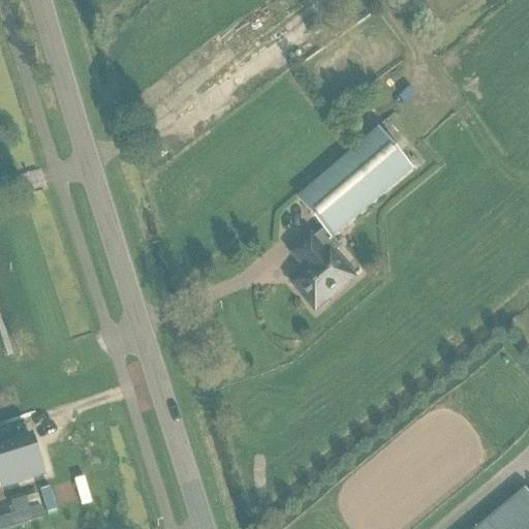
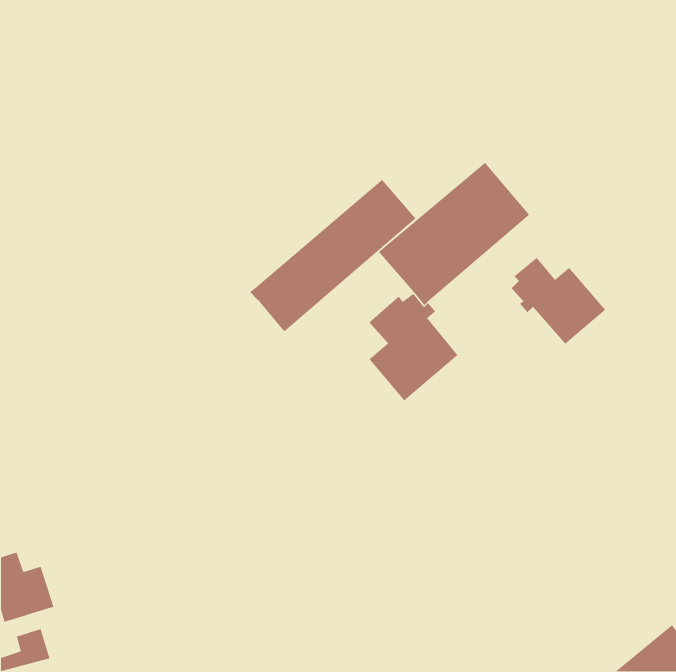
building: none -> [249,179,416,333]
building: none -> [511,257,606,345]

